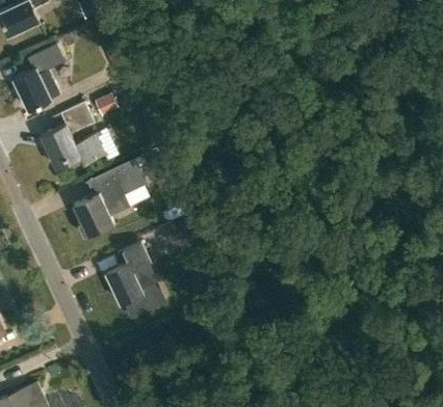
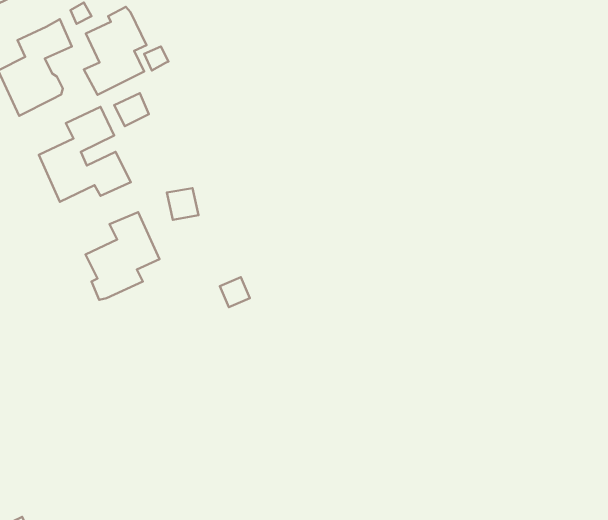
building: none -> [84,7,147,95]
building: [107,243,155,318] -> none

